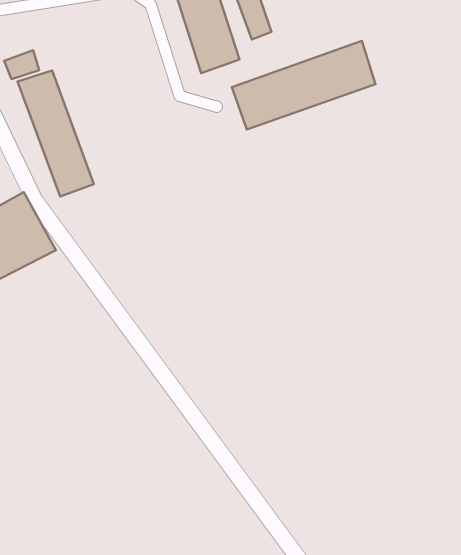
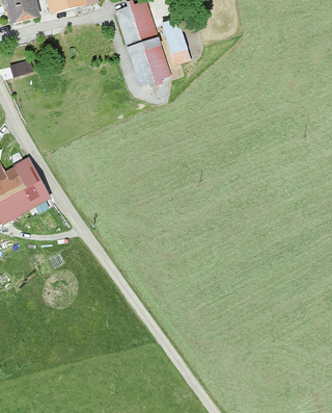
building: [232,41,375,130] -> none
building: [18,70,94,196] -> none

